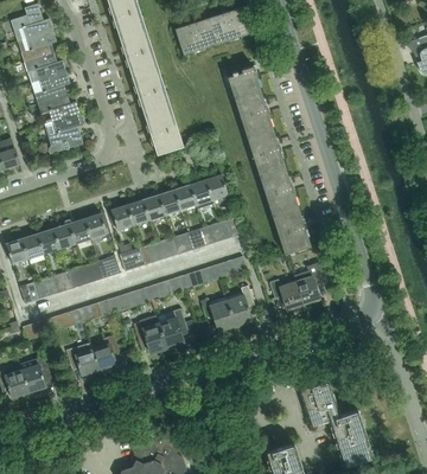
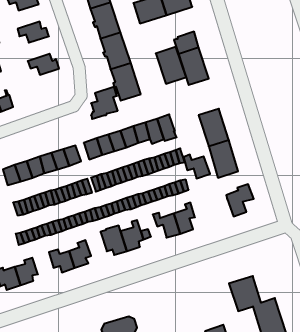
building: [21,30,56,62] -> none
building: [34,71,69,103] -> none
building: [49,113,83,154] -> [91,87,118,119]
building: [246,126,285,173] -> [156,47,186,84]
building: [269,278,304,309] -> [183,155,210,178]

